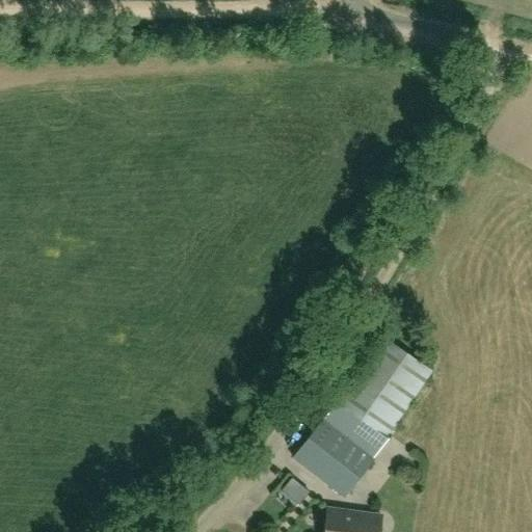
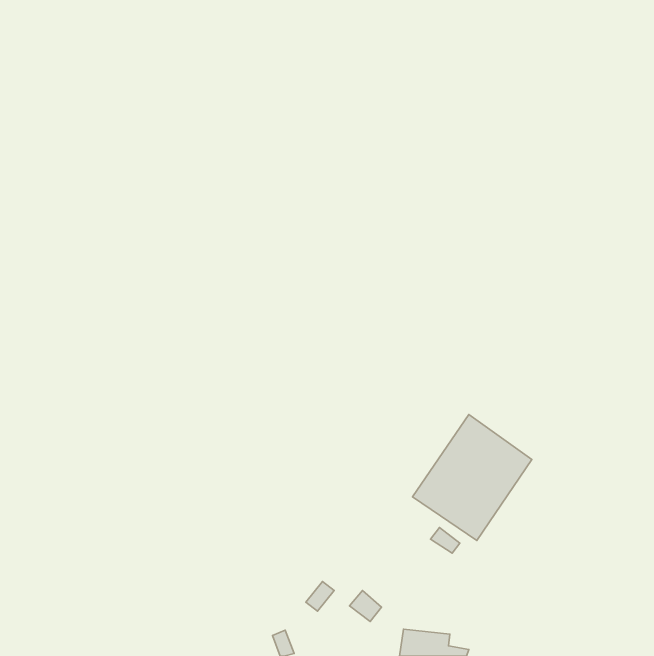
building: [295,420,374,497] -> none

